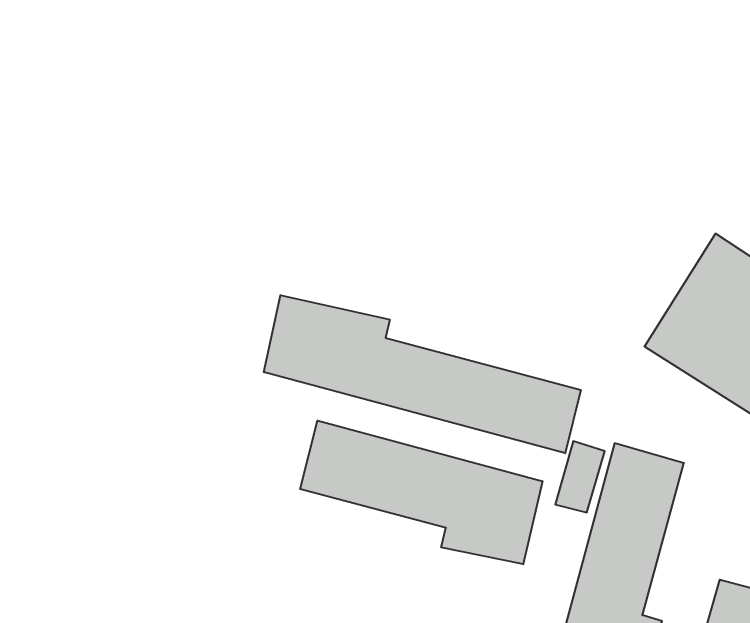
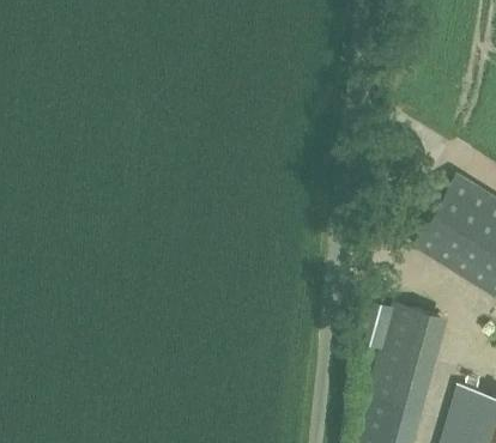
building: [264,295,581,453] -> none
building: [300,421,542,564] -> none

